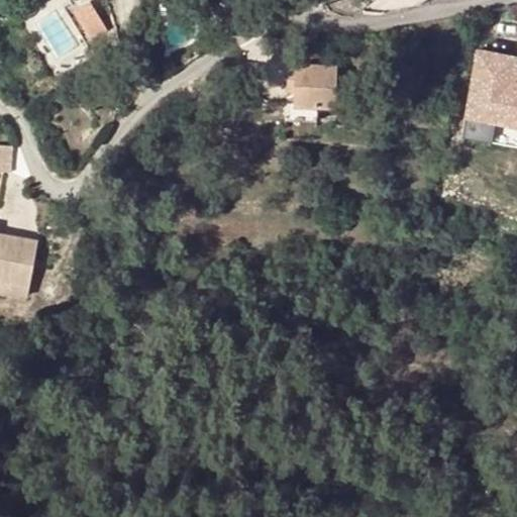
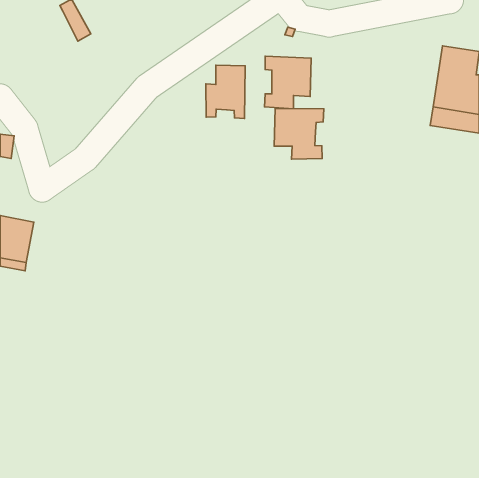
building: none -> [206,65,245,119]
building: none -> [274,109,324,159]

